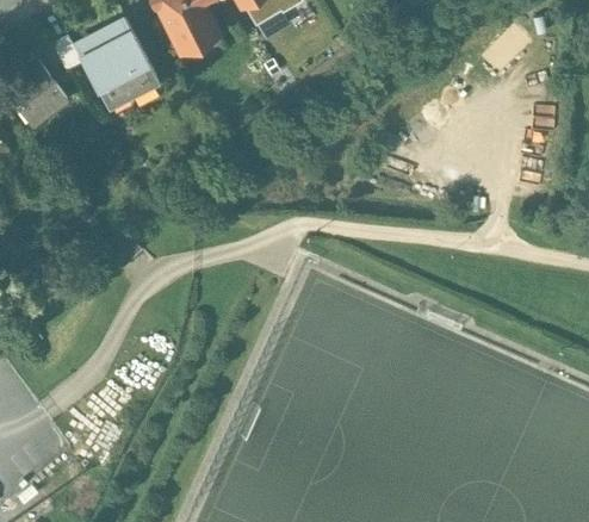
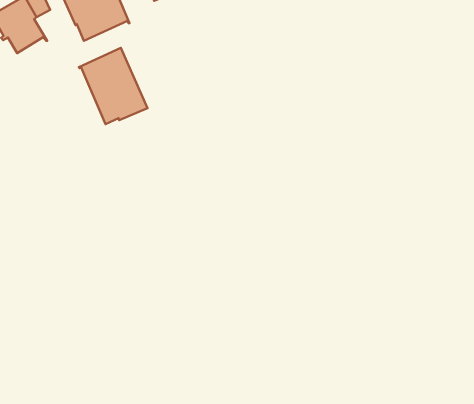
building: none -> [79,48,147,124]

